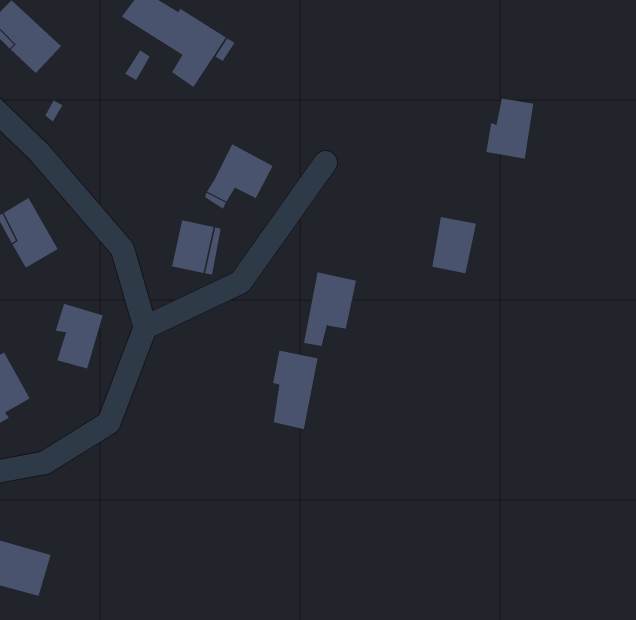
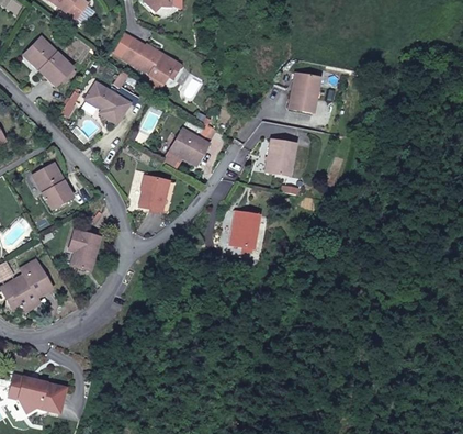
building: none -> [84,80,127,123]
building: [485,98,534,159] -> [286,76,317,114]
building: [432,217,477,274] -> [264,138,293,175]
building: [273,350,318,430] -> none

